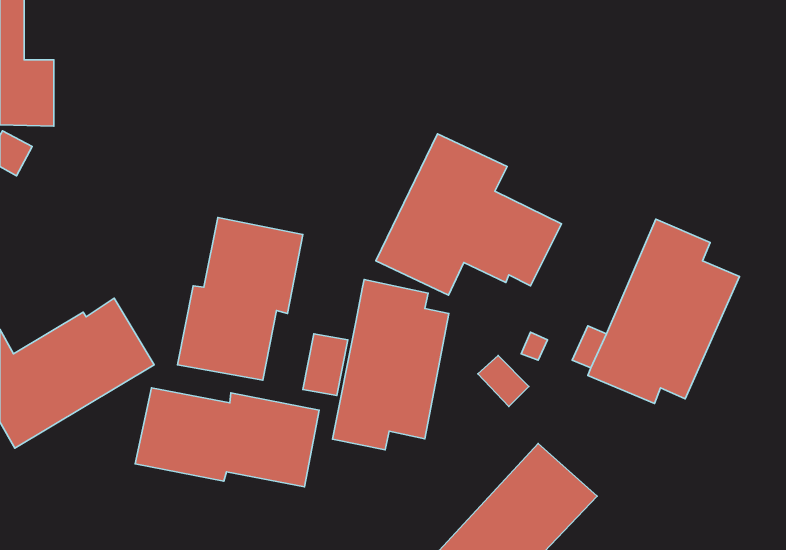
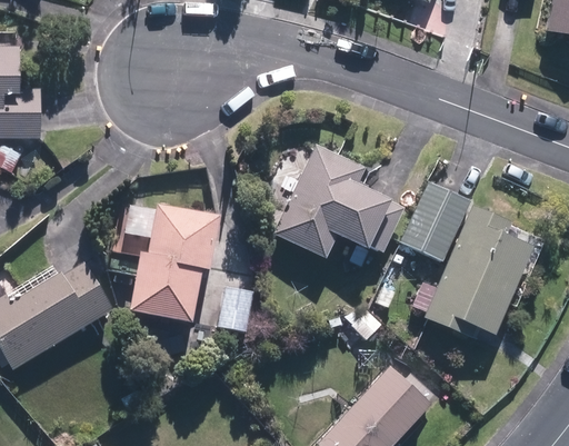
building: none -> [401,180,471,261]
building: [333,279,449,450] -> none
building: [135,388,319,487] -> none

